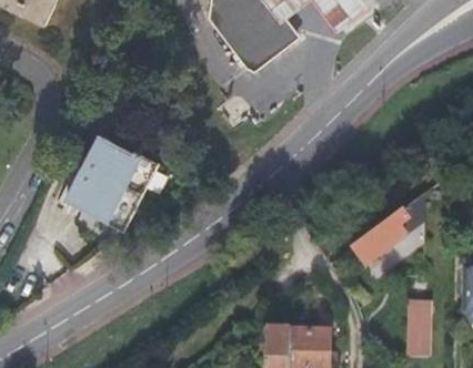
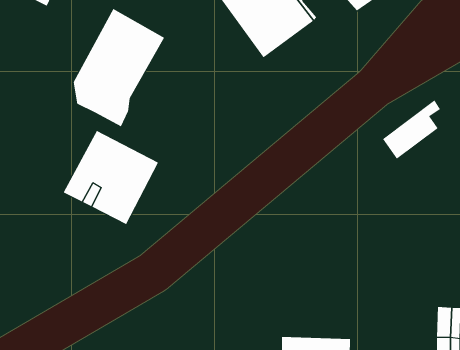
building: none -> [73,8,165,127]
building: [352,209,406,265] -> [382,99,441,159]

